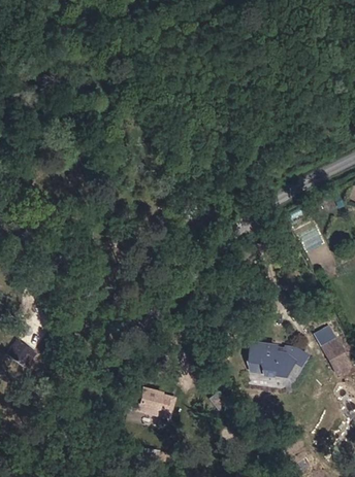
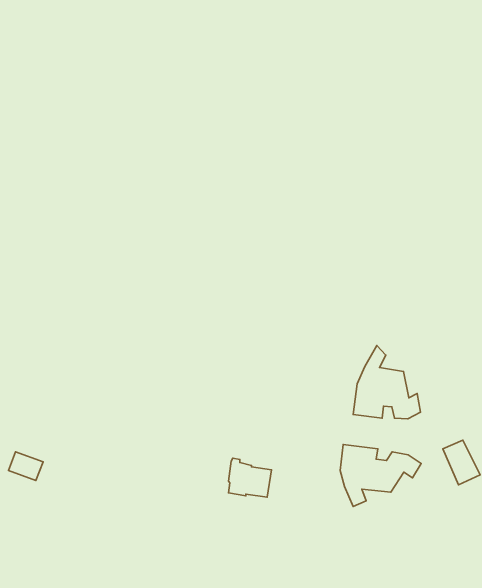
building: none -> [353,345,421,419]
building: [142,384,173,412] -> [228,458,272,497]

